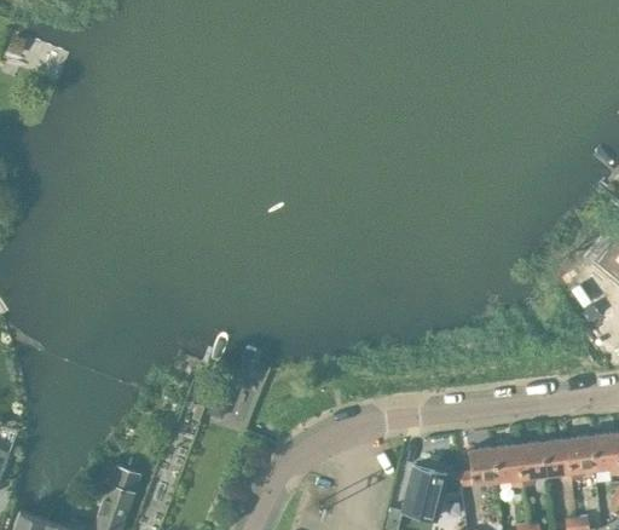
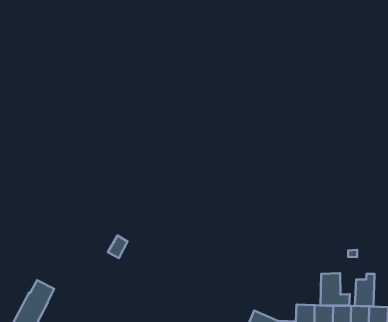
building: none -> [355,274,375,306]
building: none -> [321,273,350,306]

